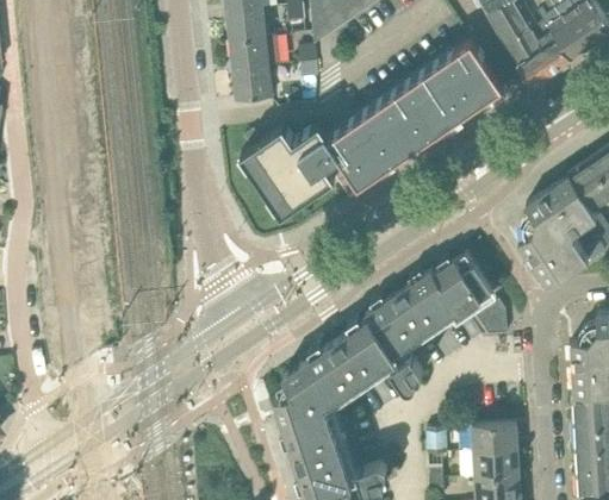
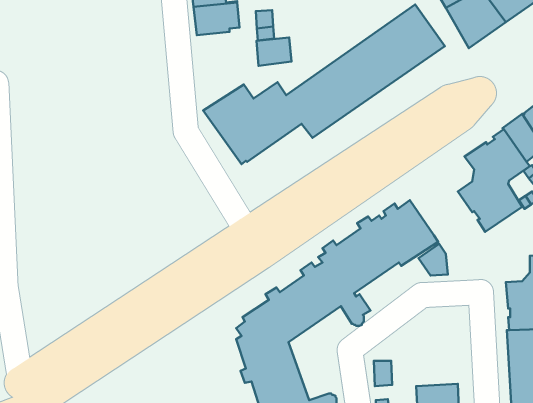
building: [234,70,272,101] -> [256,38,291,66]
building: [472,424,518,456] -> none

